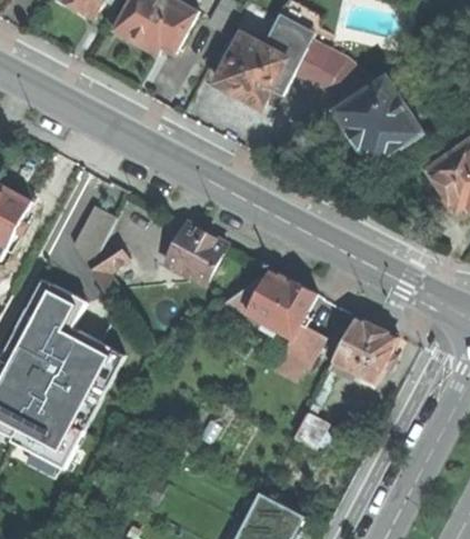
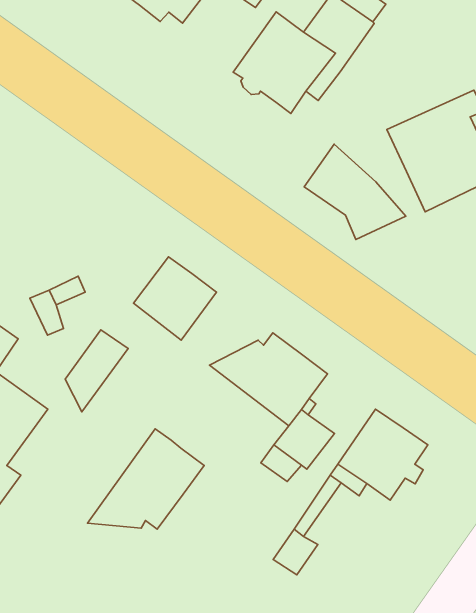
building: [293,37,371,104] -> [304,144,406,239]
building: [71,204,114,267] -> [65,330,128,412]
building: none -> [88,429,204,529]

